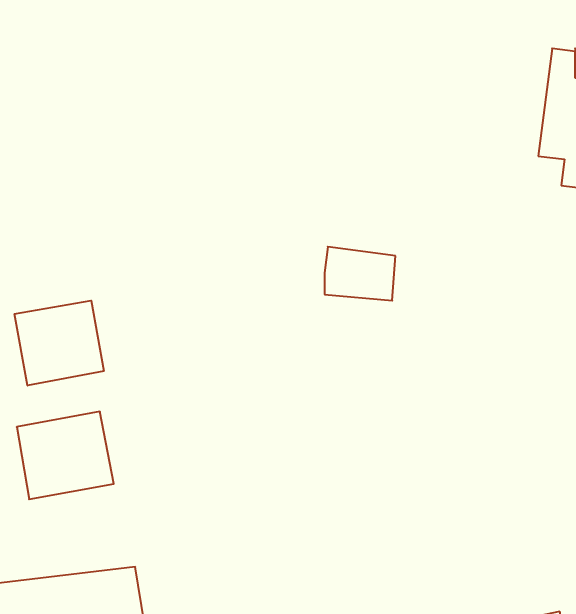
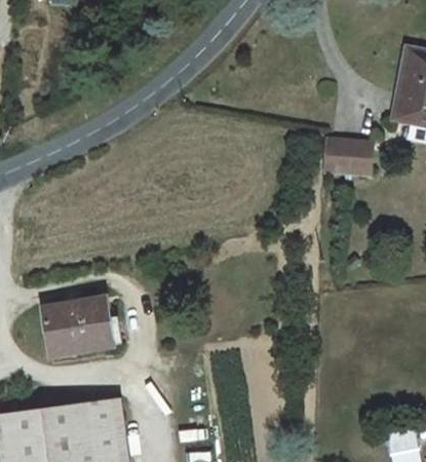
building: [325,247,395,301] -> [318,130,365,166]
building: [15,301,104,386] -> none

